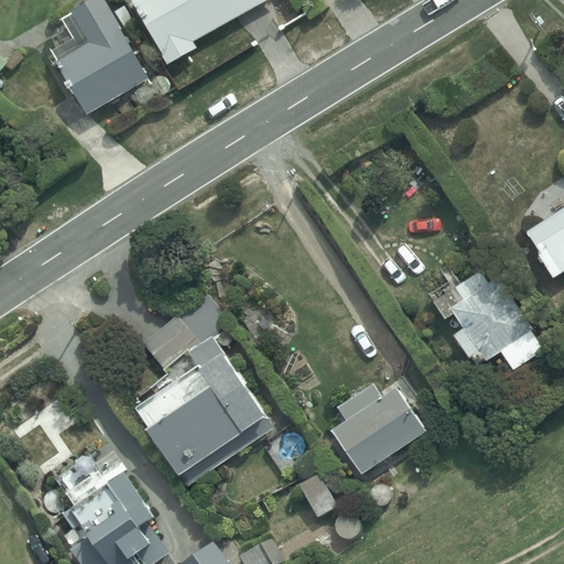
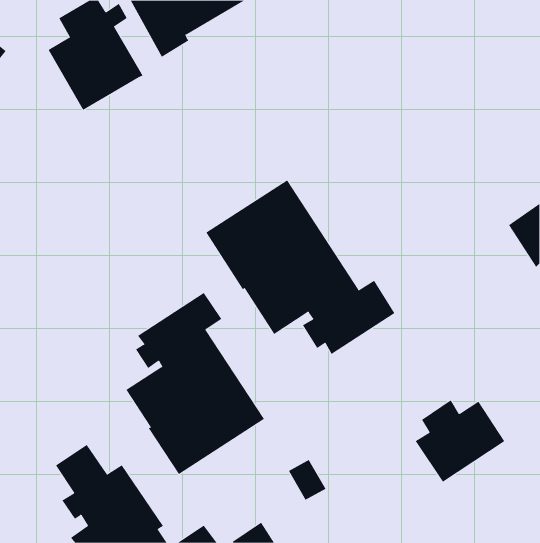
building: none -> [205,179,395,355]
building: [426,264,543,368] -> none
building: [335,383,429,469] -> [415,400,505,483]

